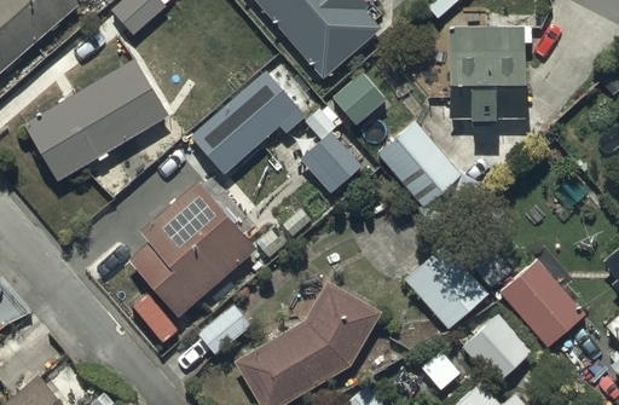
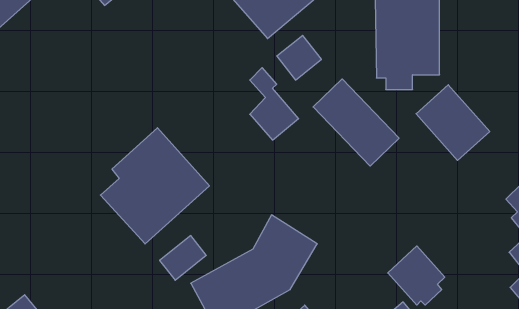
building: [24,57,169,179] -> none
building: [191,71,302,177] -> none
building: [404,243,488,329] -> none
building: [499,260,585,348] -> [416,85,490,160]

